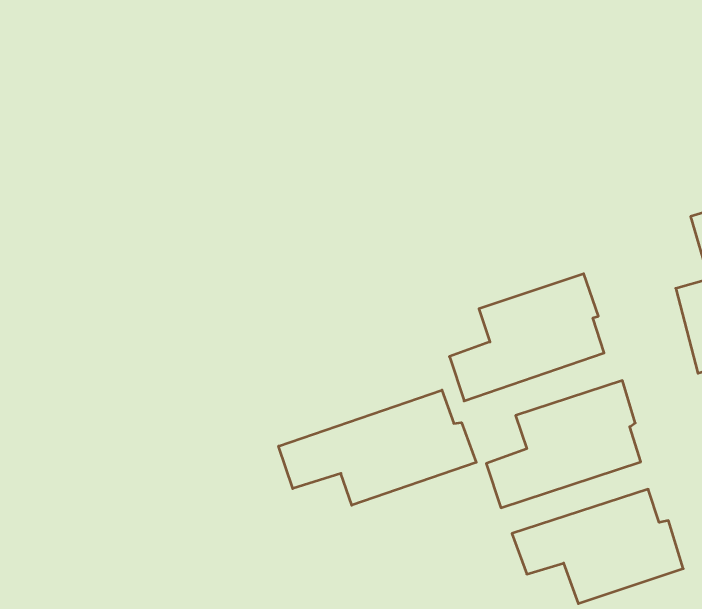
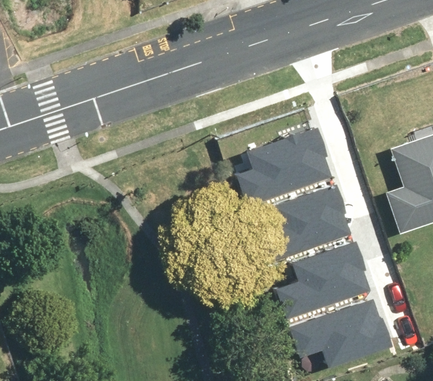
building: none -> [240,128,325,197]
building: [279,390,476,505] -> none

